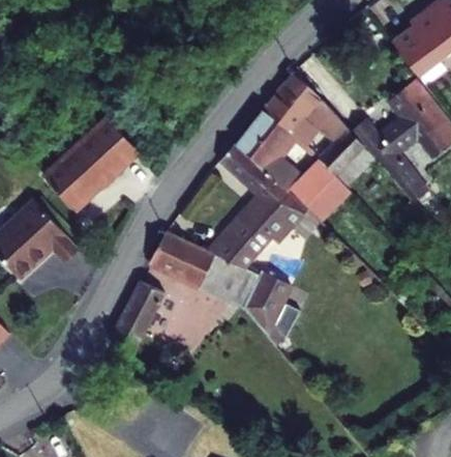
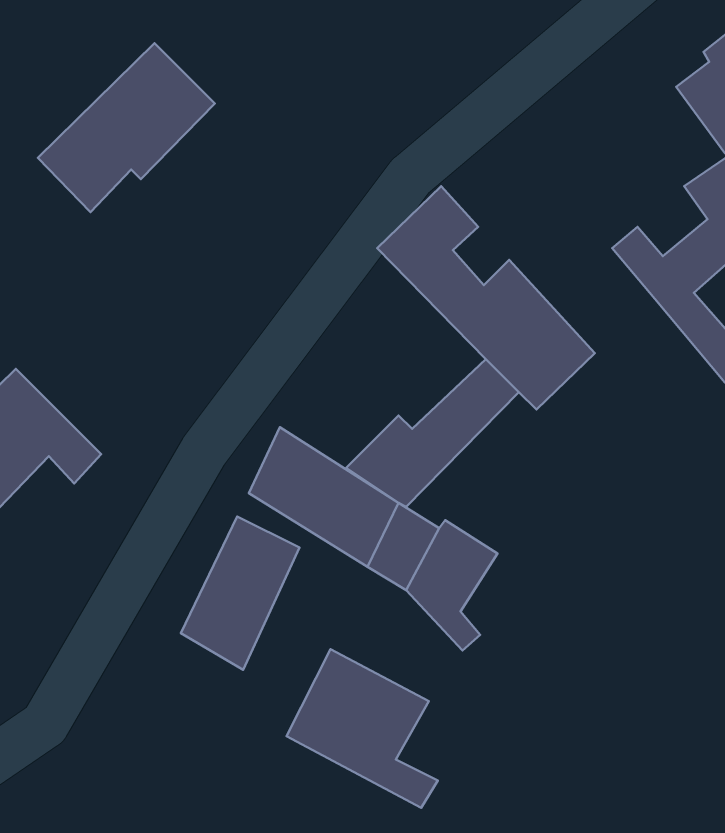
building: [262,73,375,191] -> none
building: [47,118,141,208] -> [38,43,215,212]
building: [216,143,285,231] -> none
building: none -> [286,649,438,808]

